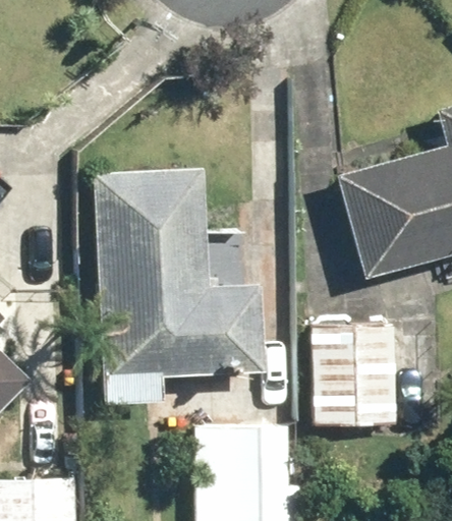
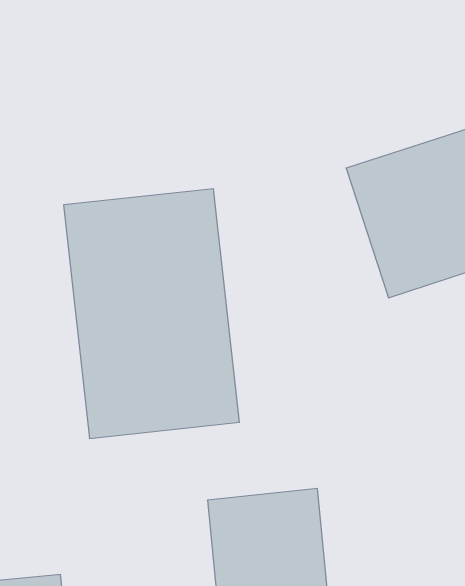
building: [314,327,396,424] -> none

